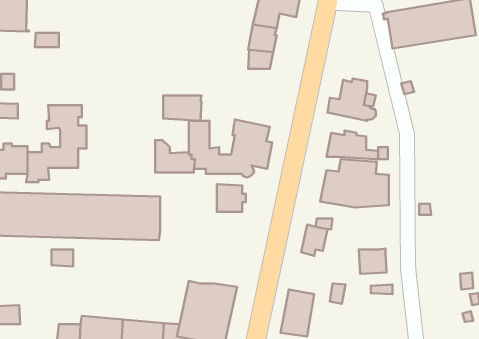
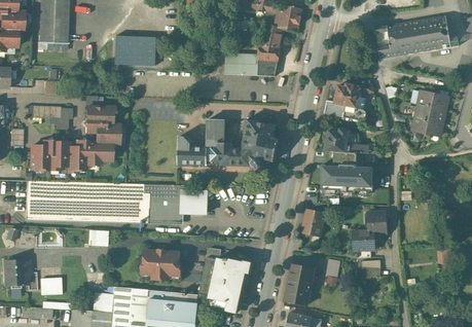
building: none -> [114,36,156,66]
building: none -> [413,92,445,136]
building: [163,95,202,121] -> [224,54,257,76]
building: [217,184,246,212] -> [181,190,206,214]
building: none -> [364,213,388,233]
building: none -> [141,250,180,280]

